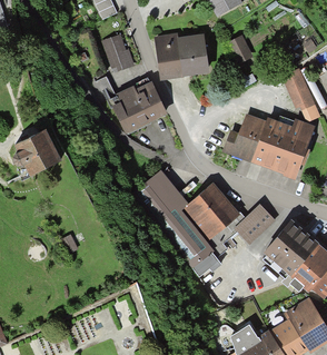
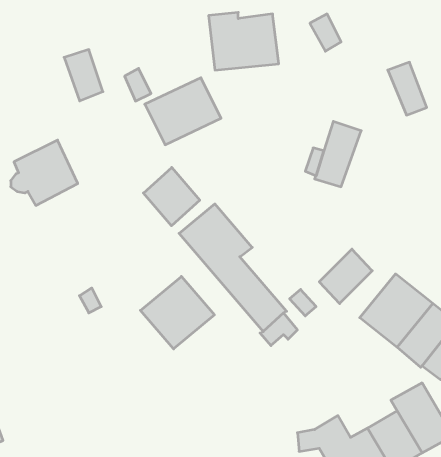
building: [103,33,131,70] -> [64,50,103,101]
building: [251,120,311,175] -> none
building: none -> [143,167,200,226]
building: [186,185,238,237] -> none
building: none -> [140,276,214,349]

